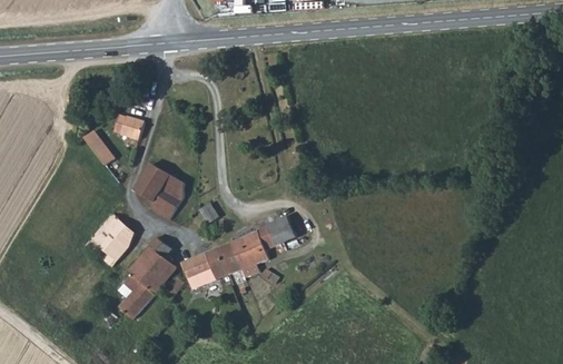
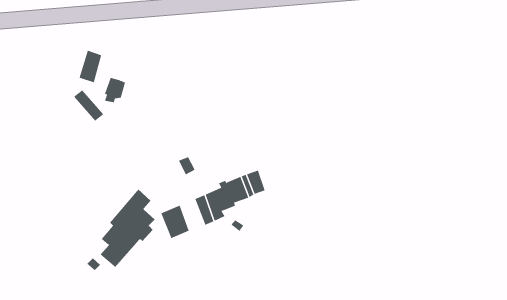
building: none -> [79,50,102,83]
building: [134,163,185,218] -> none
building: [87,214,132,263] -> none
building: [201,246,228,281] -> none

